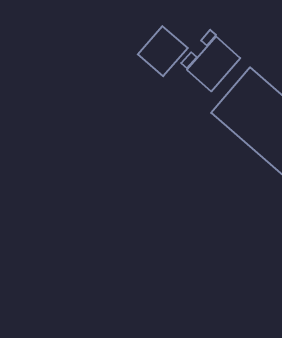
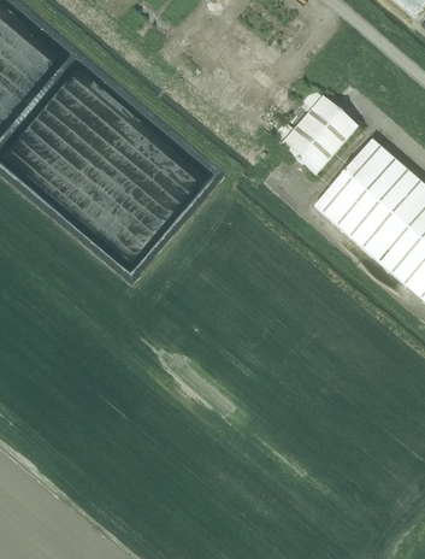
building: [138,26,188,76] -> none

